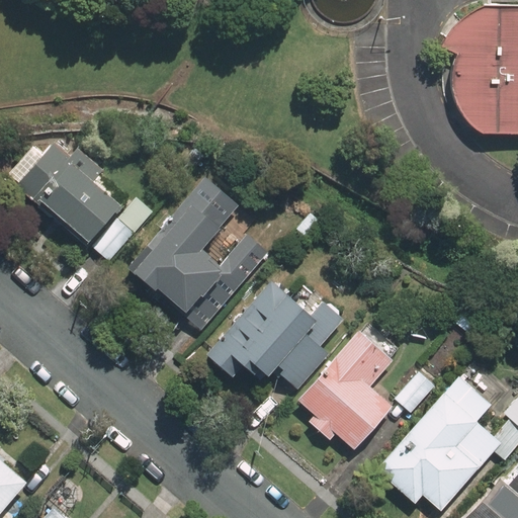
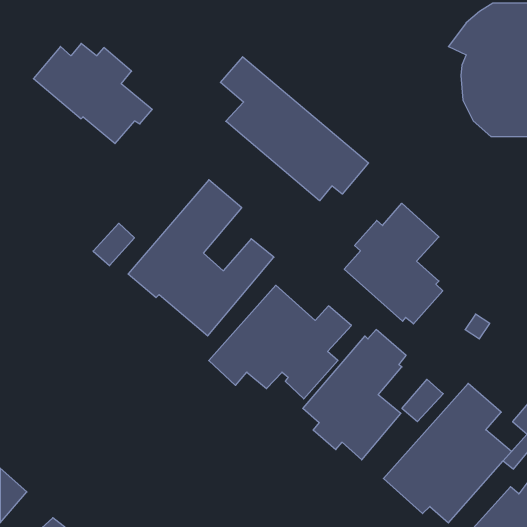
building: none -> [220,57,369,201]
building: [8,143,124,241] -> [33,43,152,144]
building: none -> [344,203,443,324]

